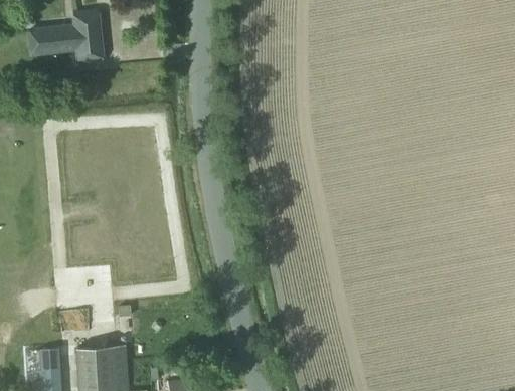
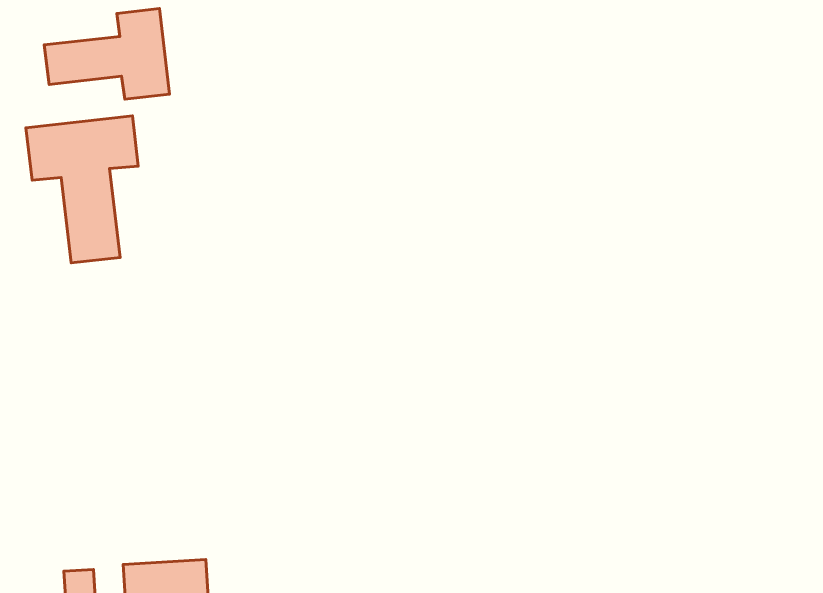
building: none -> [26,116,138,263]

